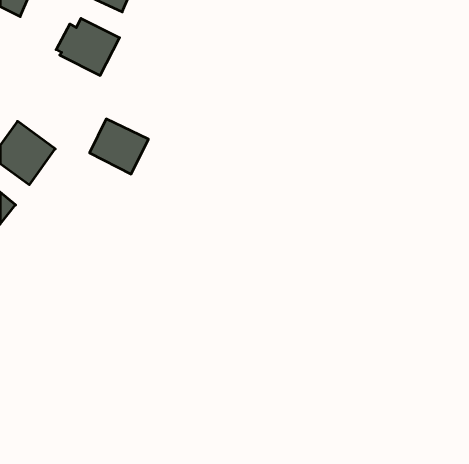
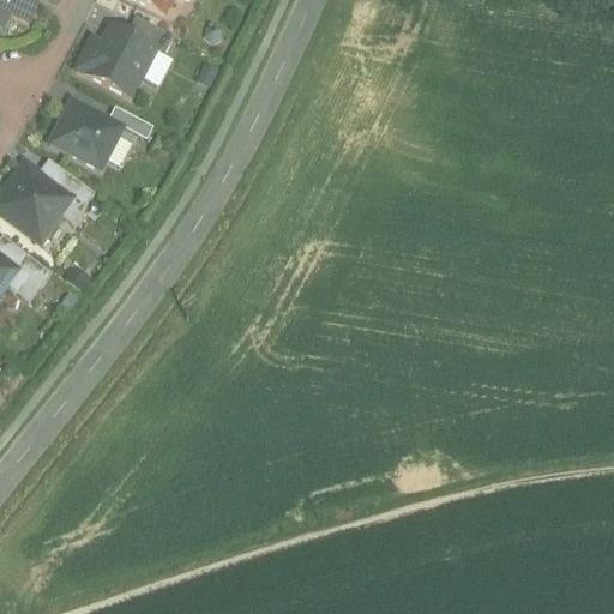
building: none -> [126,14,176,54]
building: [90,119,148,174] -> [48,96,125,168]

